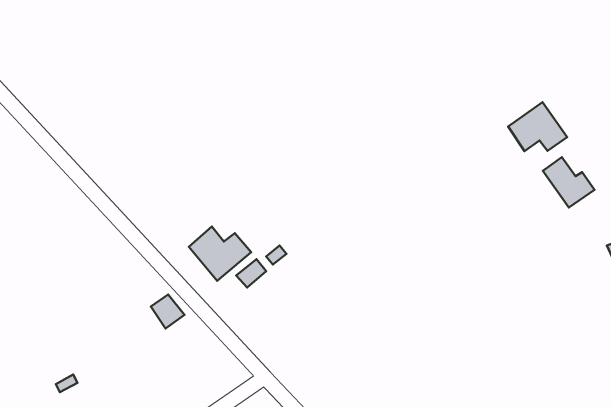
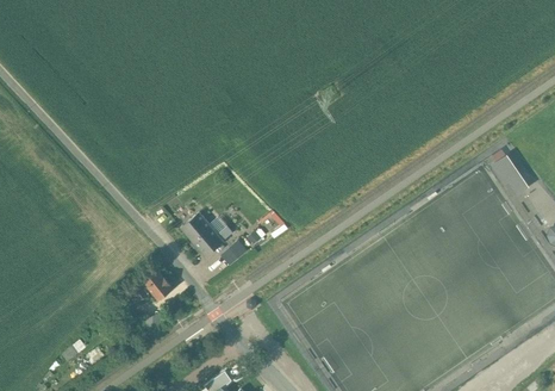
building: [508,102,567,151] -> none

